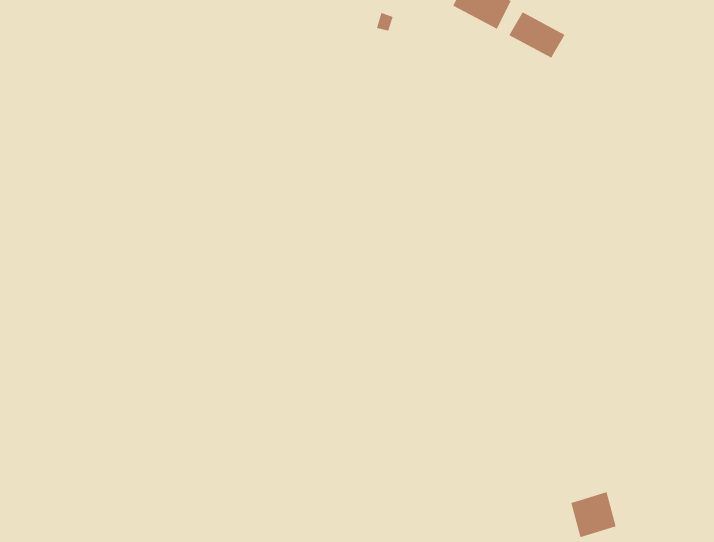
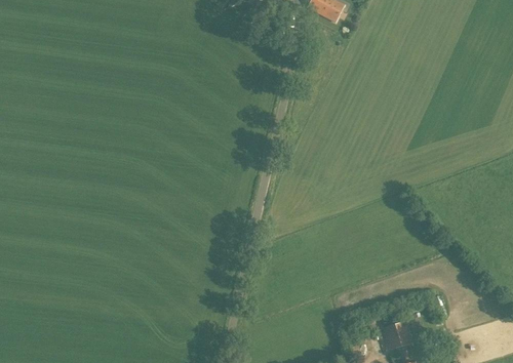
building: [509,12,565,58] -> none

